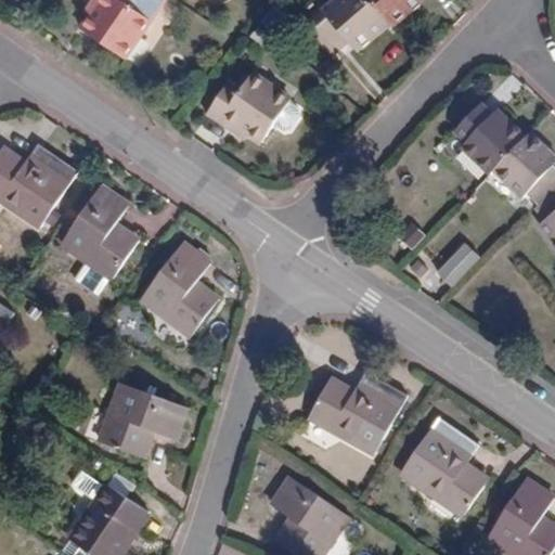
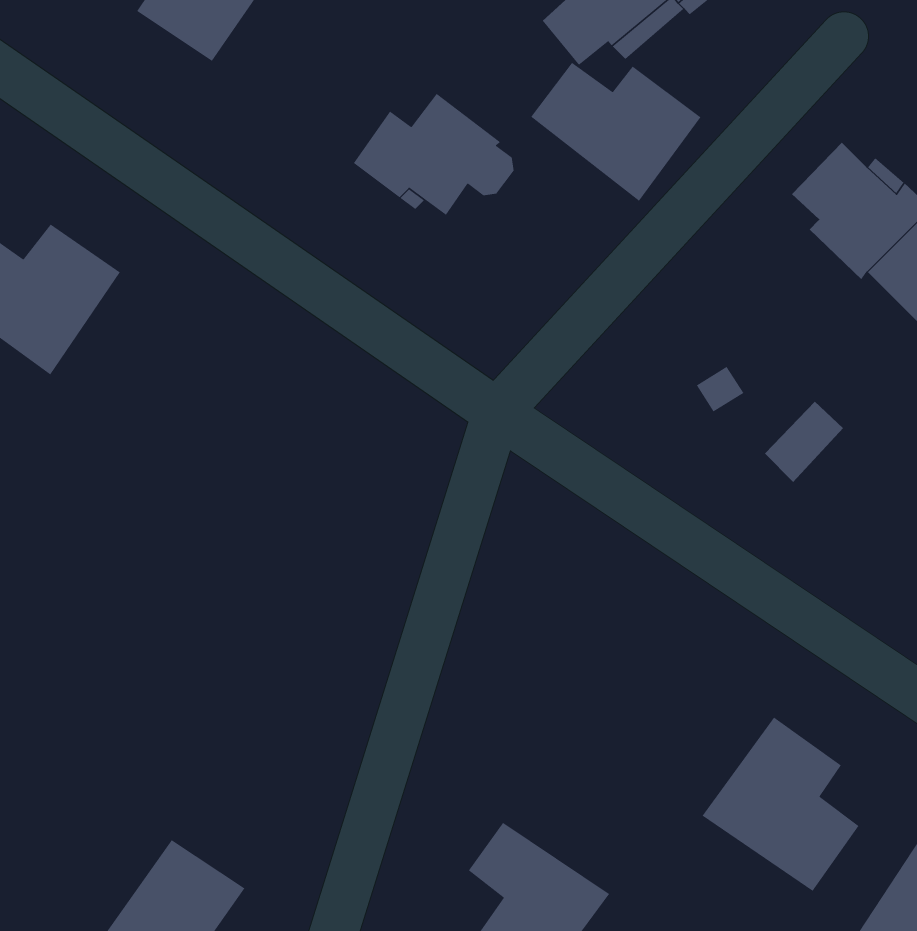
building: none -> [530,62,701,202]
building: [60,185,137,296] -> none
building: [140,242,217,335] -> none
building: [307,371,406,454] -> none
building: [99,384,188,457] -> none

